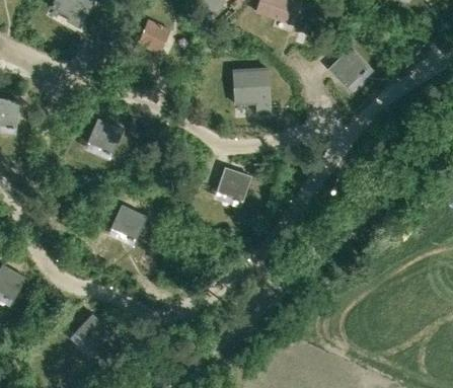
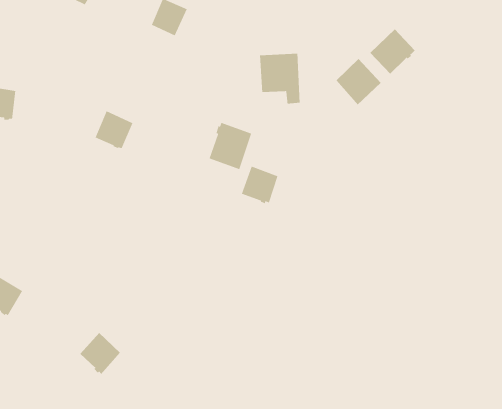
building: none -> [335,58,382,106]
building: none -> [209,122,252,170]
building: [110,205,145,240] -> none

